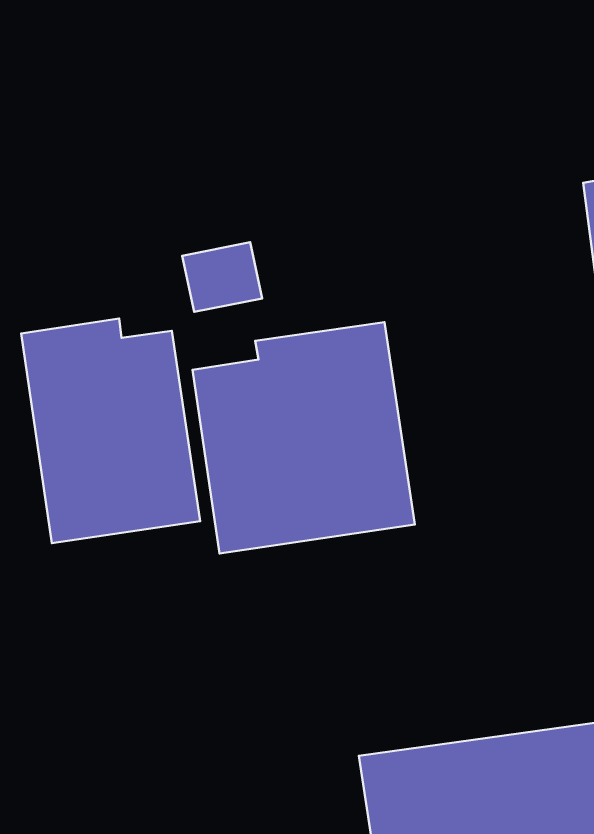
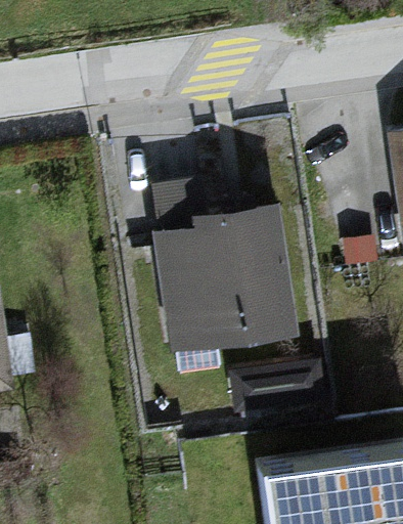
building: [21,318,200,543] -> none

